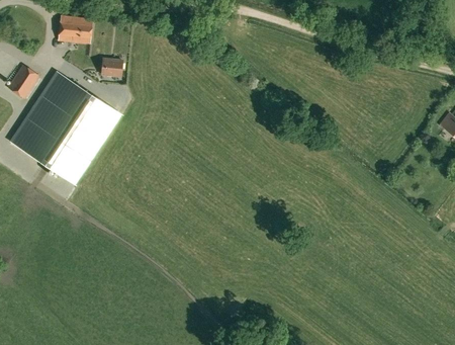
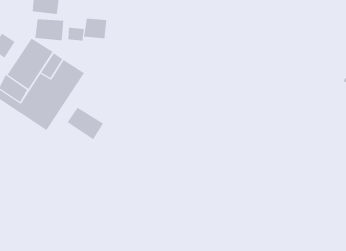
building: none -> [84,18,107,39]
building: none -> [35,18,64,41]
building: none -> [67,107,104,140]

